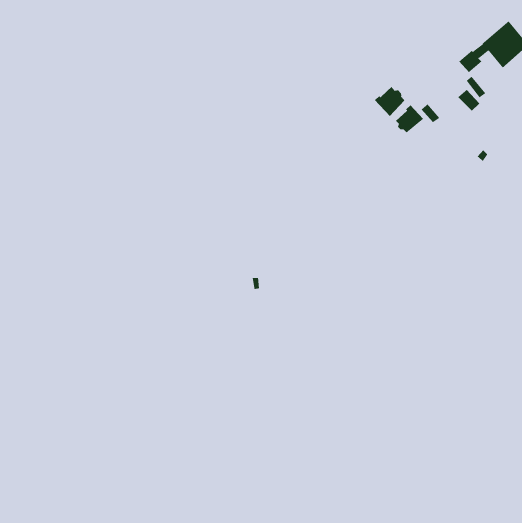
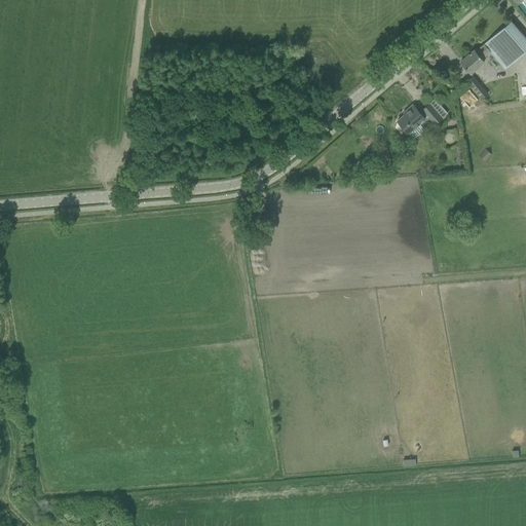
building: [374,86,405,117] -> none

